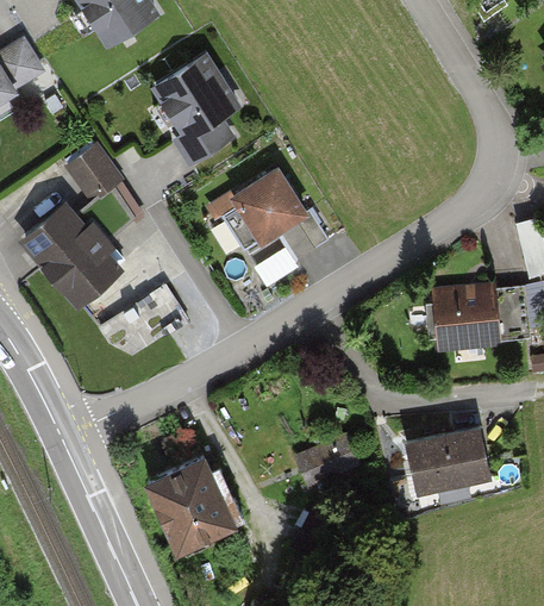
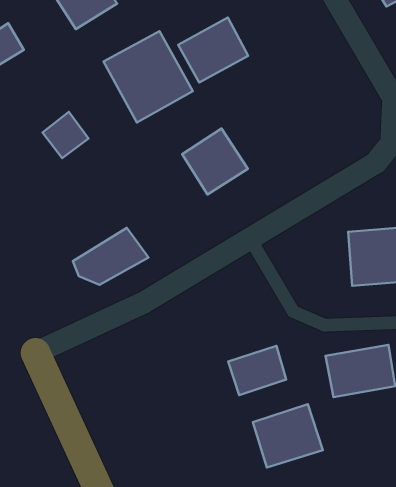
building: none -> [178,18,248,83]
building: [25,202,126,307] -> none
building: [143,457,235,556] -> none
building: none -> [253,404,323,467]

